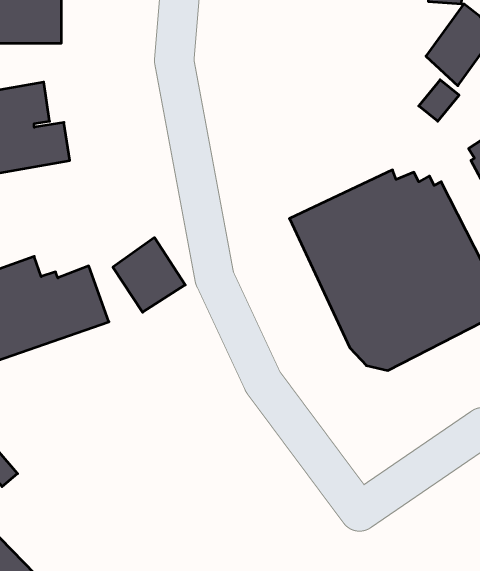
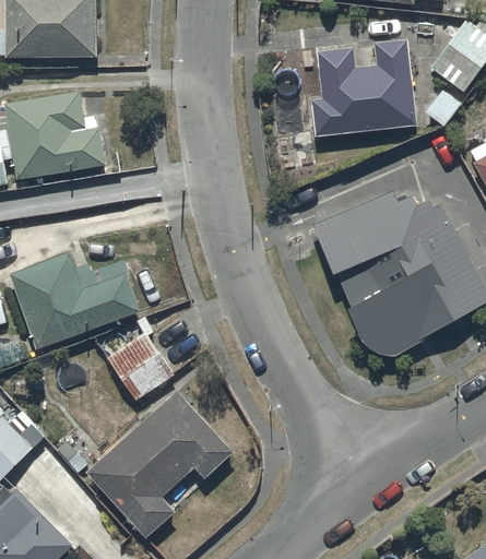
building: none -> [311,37,418,136]
building: [113,238,185,312] -> [106,332,173,401]
building: none -> [86,390,233,537]

